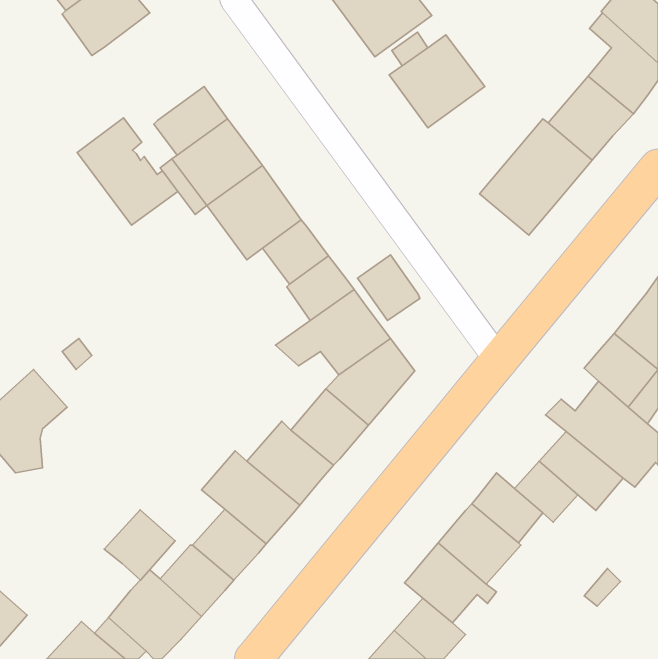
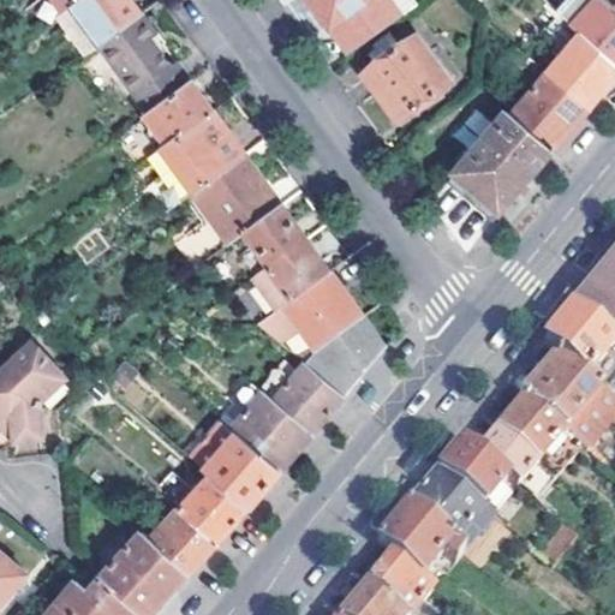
building: [77,118,178,225] -> [96,12,190,112]
building: [358,255,420,320] -> none
building: [104,510,175,580] -> none

